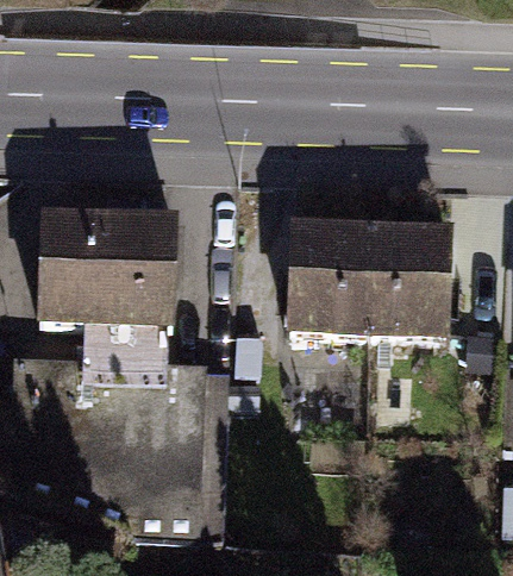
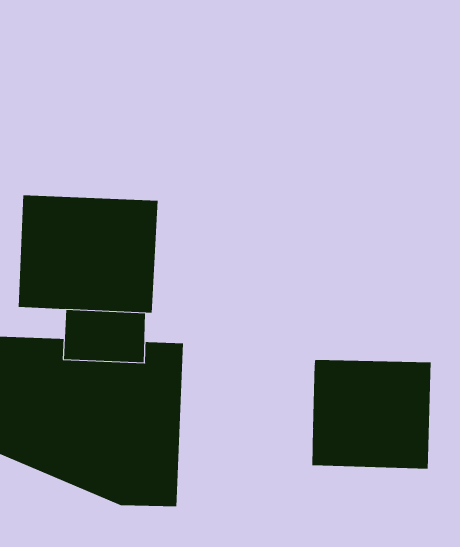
building: [287,218,455,339] -> none
building: none -> [312,359,431,469]

